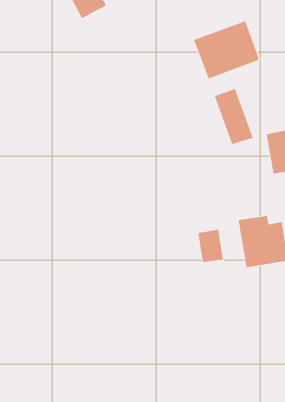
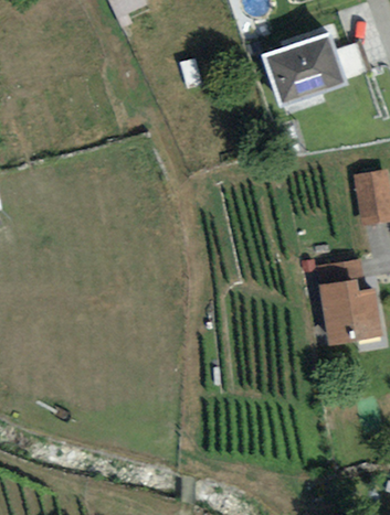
building: [214,88,253,145] -> none
building: [198,229,224,263] -> none

